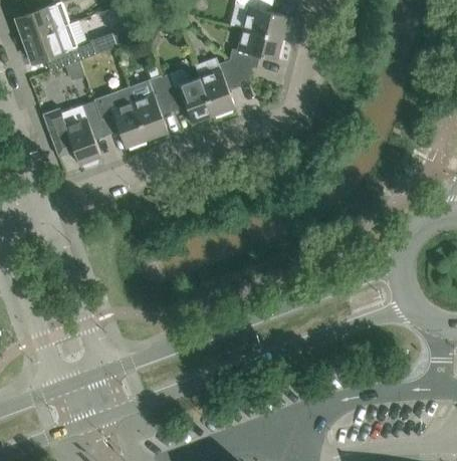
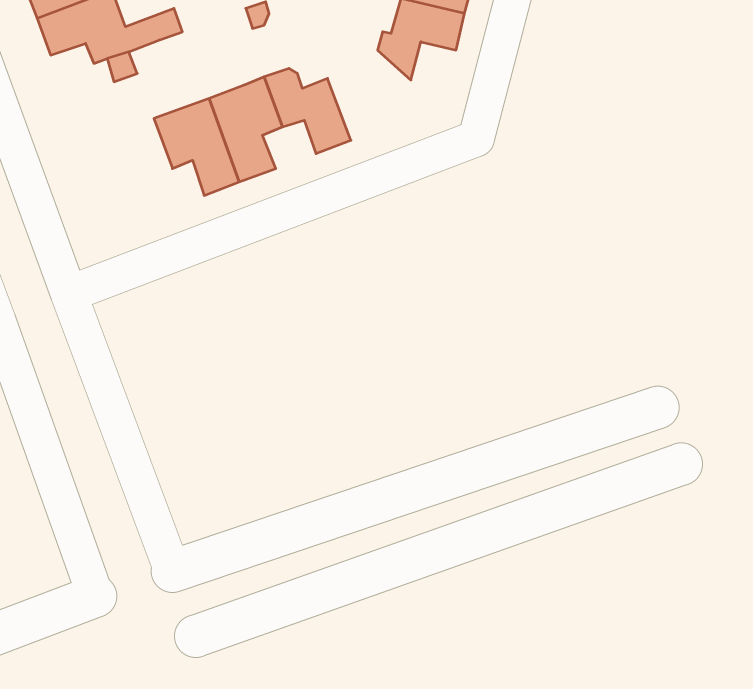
building: [195,58,249,114] -> none
building: [42,101,105,169] -> none

